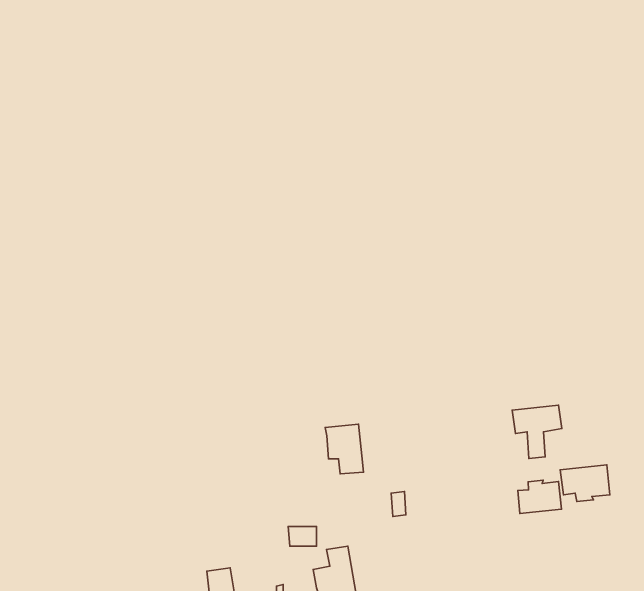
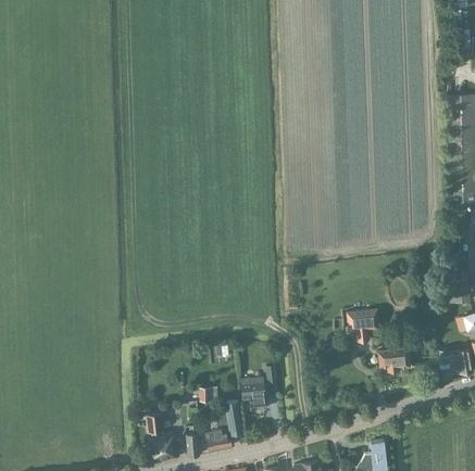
building: [325,424,363,474] -> [240,377,265,409]
building: [518,480,561,514] -> none

